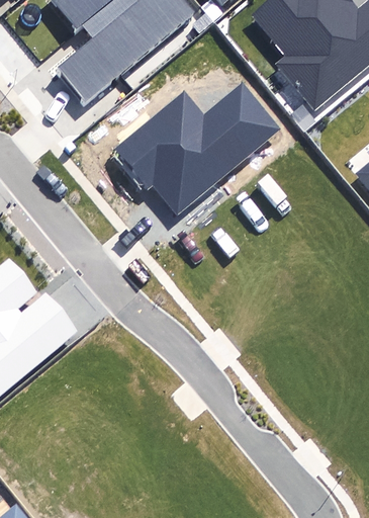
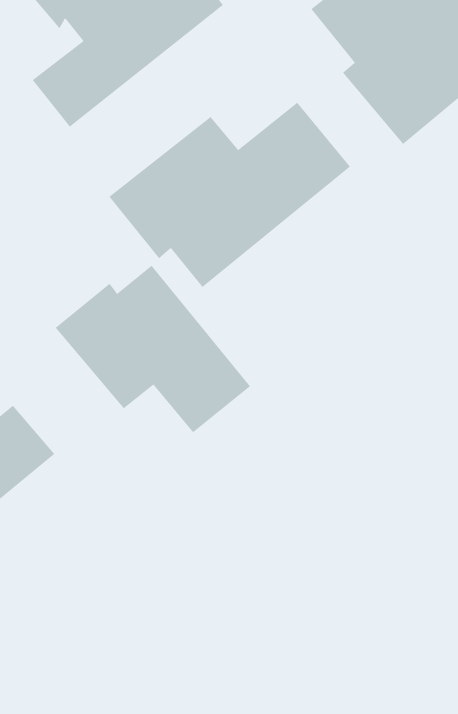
building: none -> [55,265,251,433]

